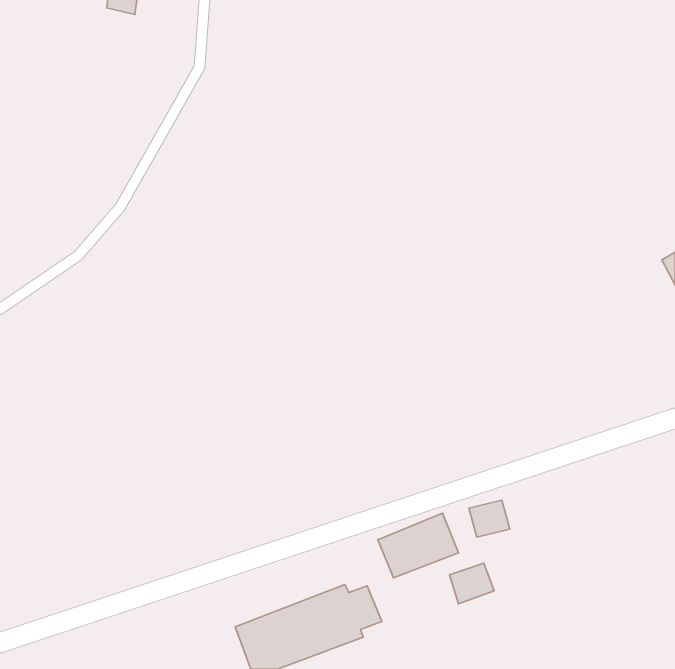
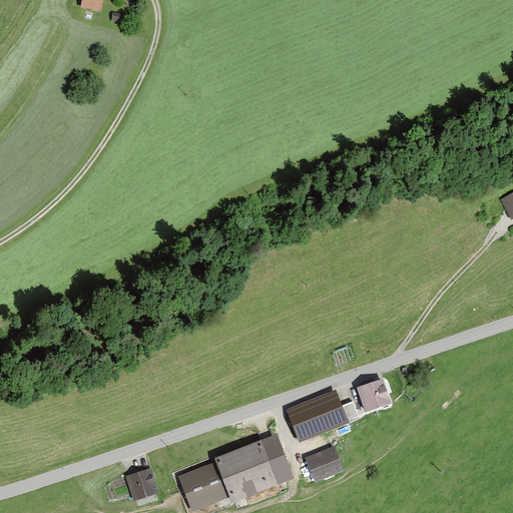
building: [449,563,494,604] -> [307,450,341,481]
building: none -> [125,467,157,498]

